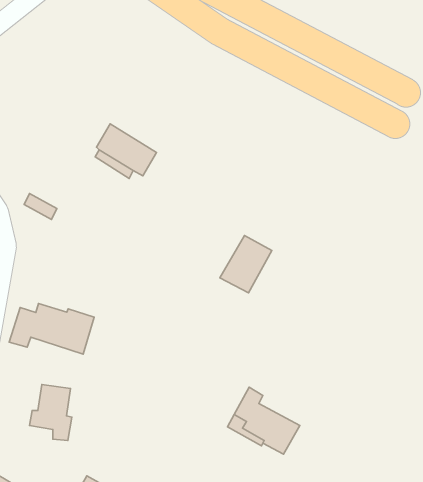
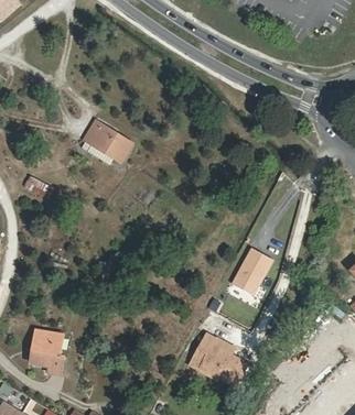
building: [220,235,272,293] -> [230,247,272,293]
building: [9,303,94,354] -> none

